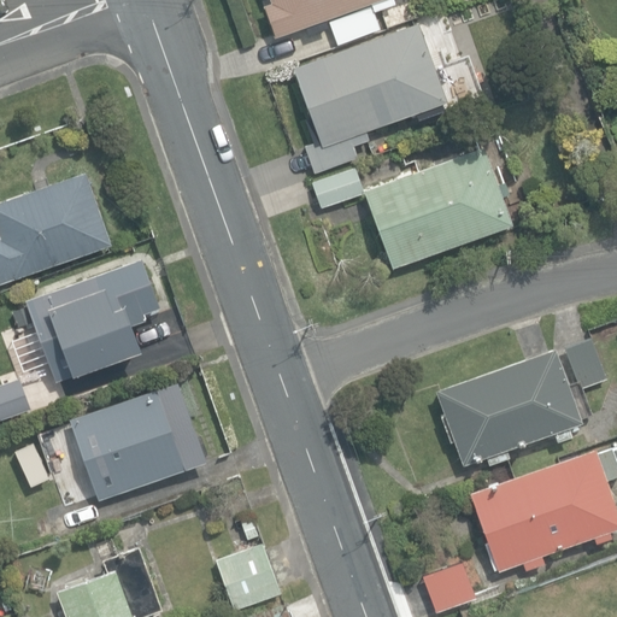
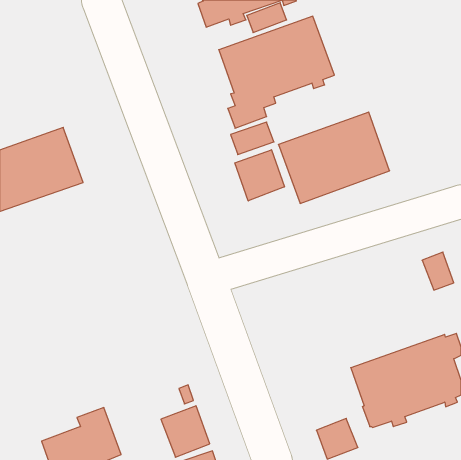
building: none -> [235,150,284,201]
building: [24,255,160,383] -> none
building: [434,348,581,466] -> none
building: [69,382,206,501] -> none

